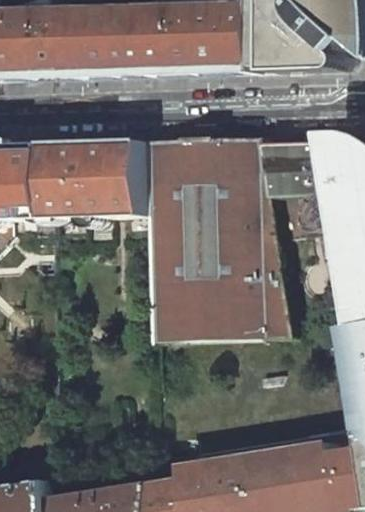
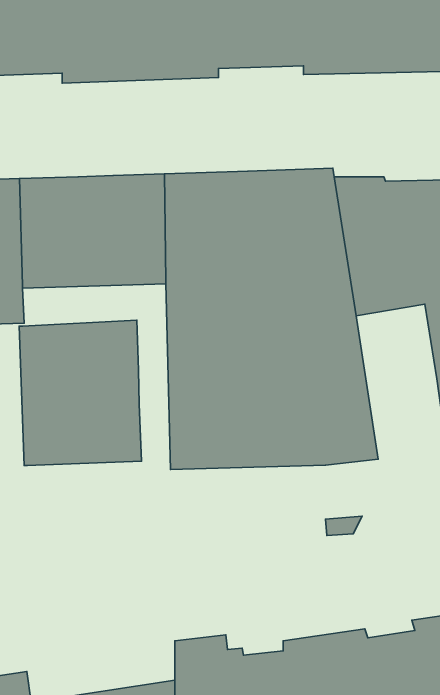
building: none -> [19,320,142,466]

